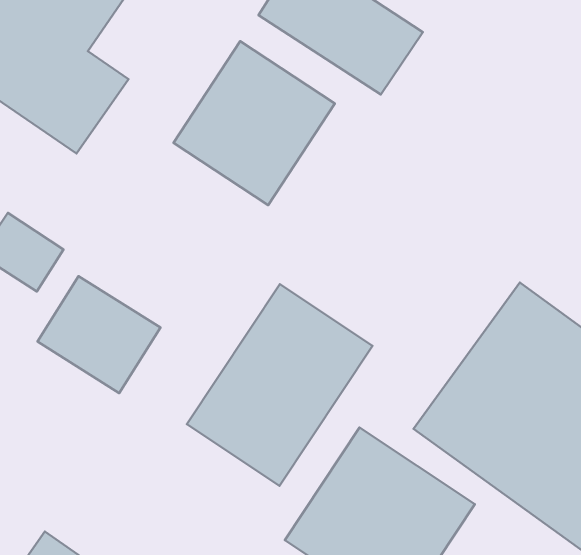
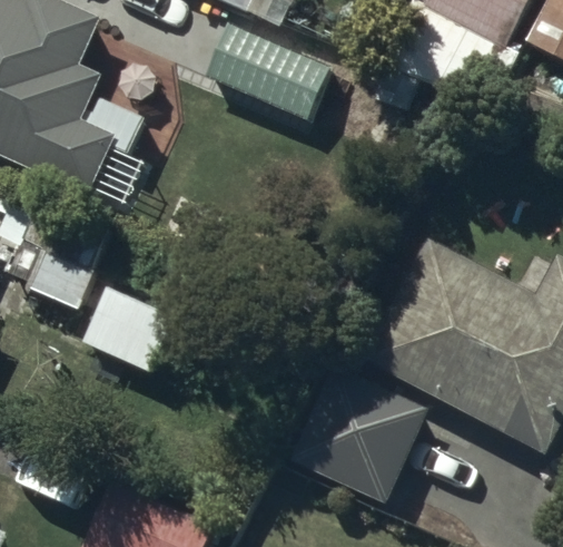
building: [173,41,335,205] -> none
building: [187,284,373,486] -> none

